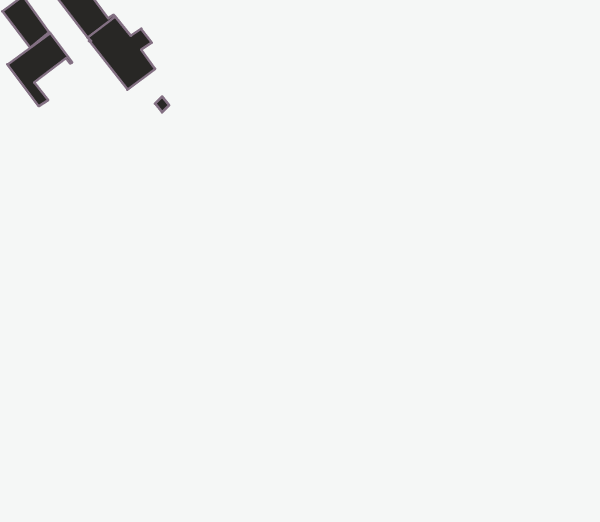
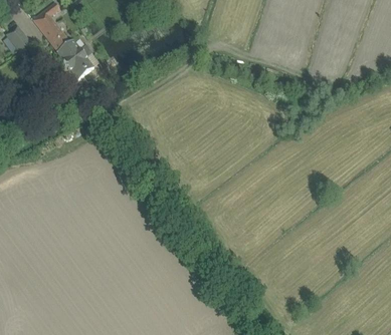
building: [7,33,72,106] -> none

